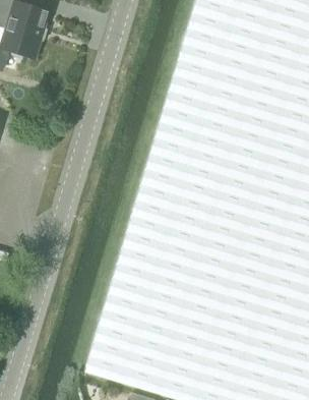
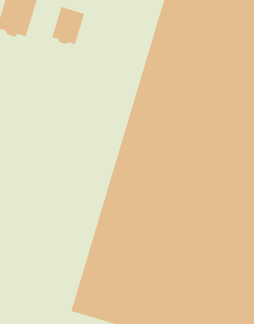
building: none -> [51,6,85,45]

